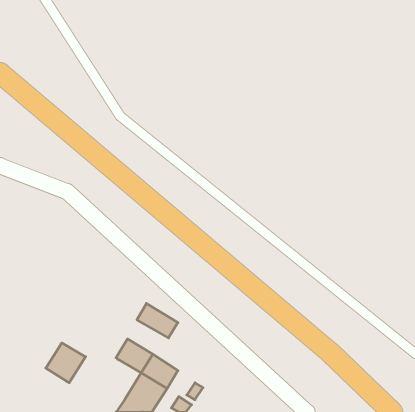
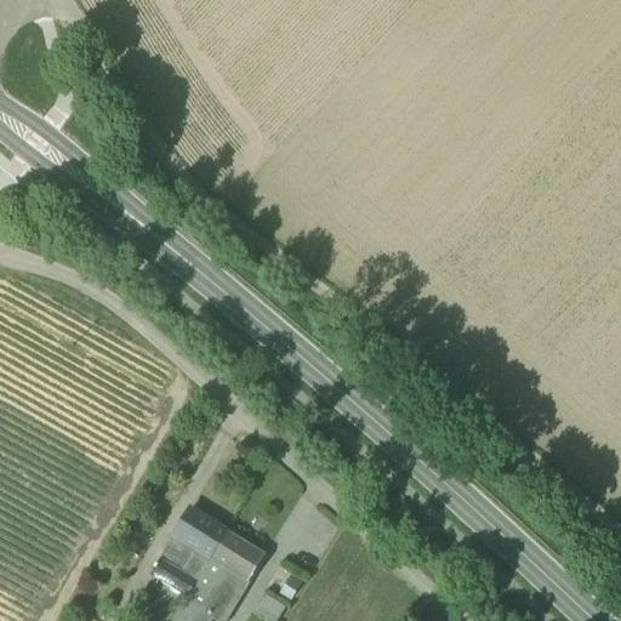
building: [137,303,178,338] -> none
building: [46,343,86,383] -> [152,536,211,596]

